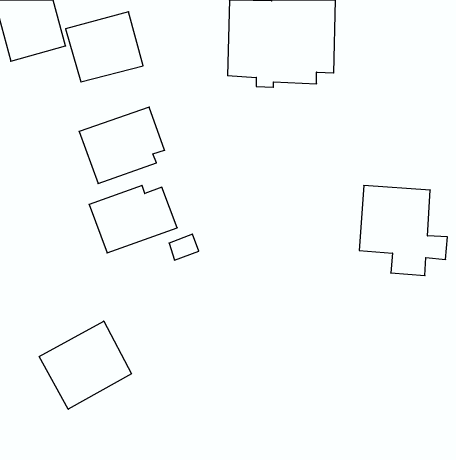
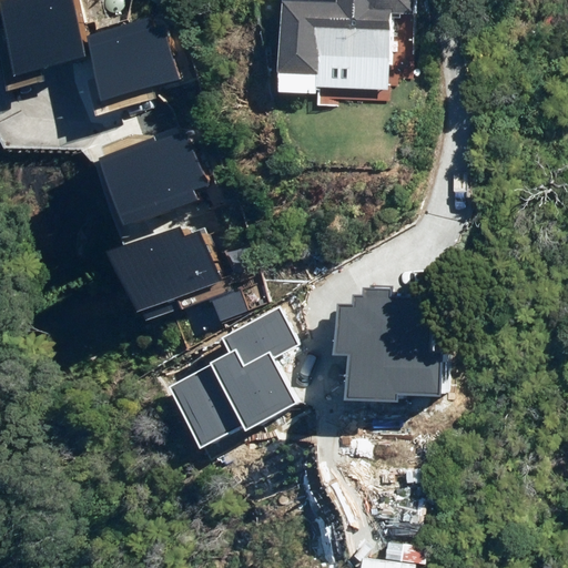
building: [359,186,447,276] -> [349,287,458,398]
building: none -> [164,308,296,447]
building: [39,321,131,409] -> none

